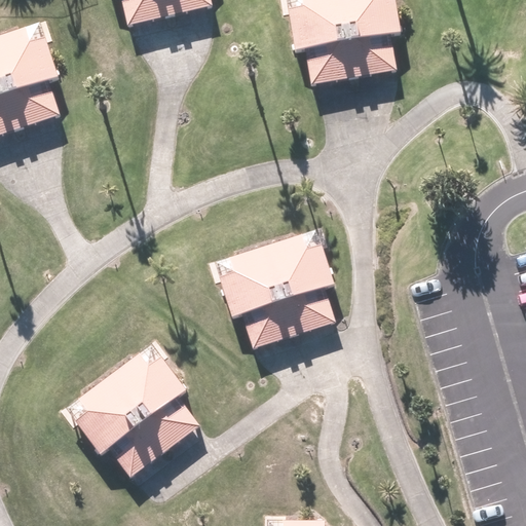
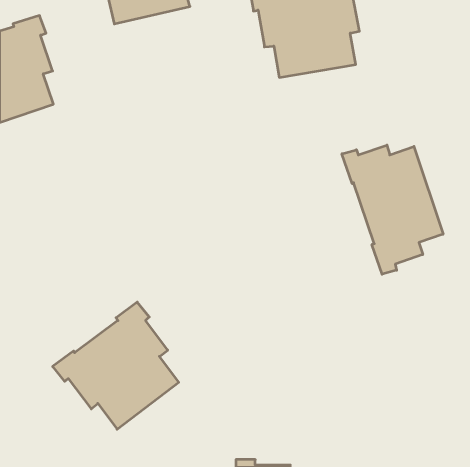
building: none -> [342,145,443,274]
building: [208,224,335,350] -> none

